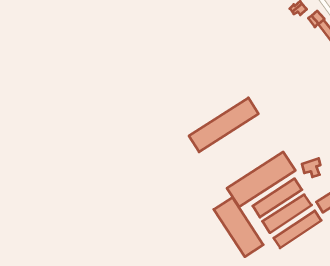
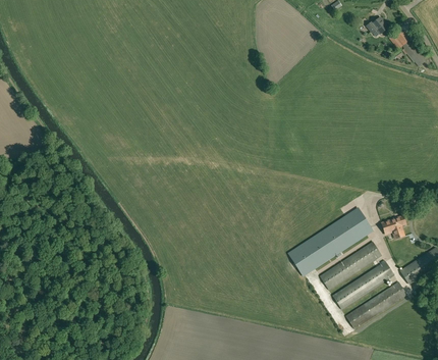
building: [189,98,258,152] -> none
building: [214,197,263,257] -> none

